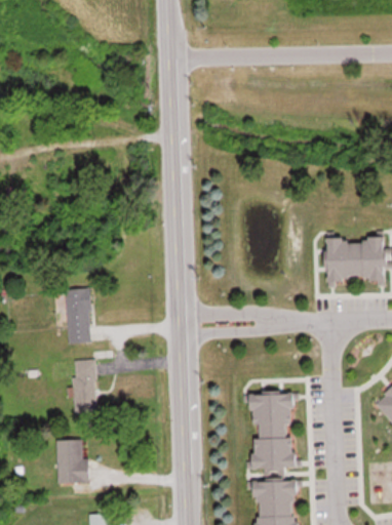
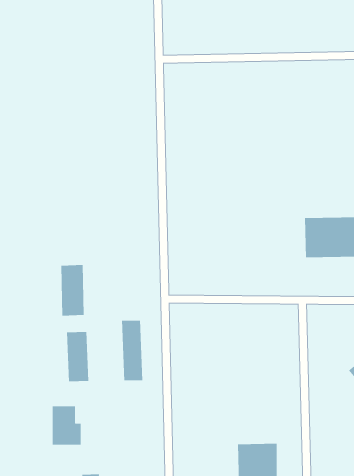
building: none -> [122,320,143,381]
building: [252,393,298,474] -> none

